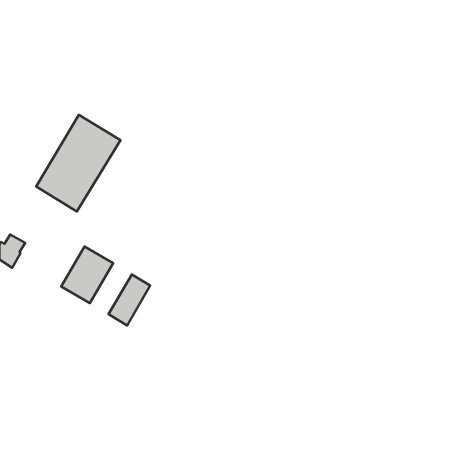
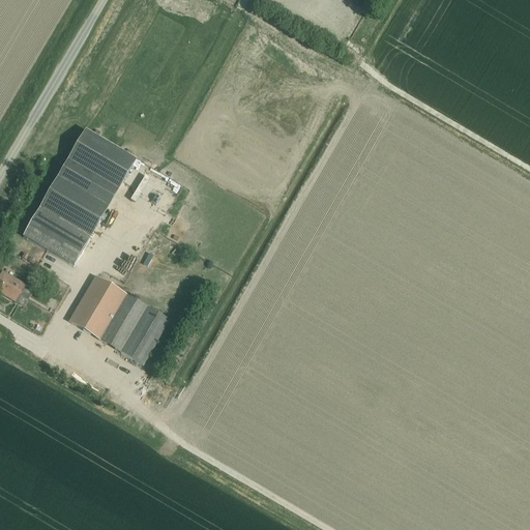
building: none -> [22,207,89,264]
building: none -> [100,294,147,351]

